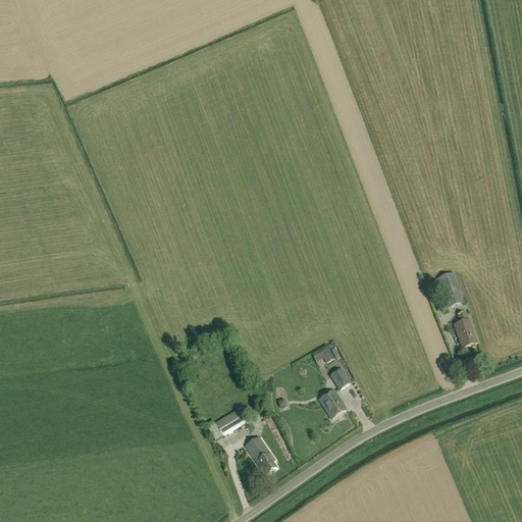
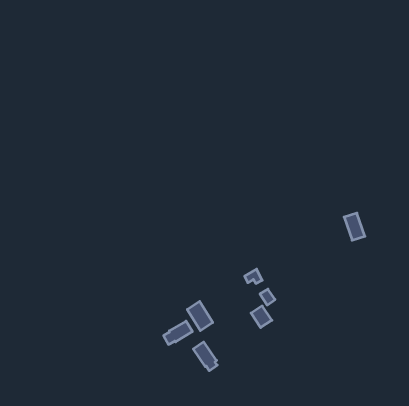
building: [454,309,477,347] -> none
building: none -> [187,301,213,331]

